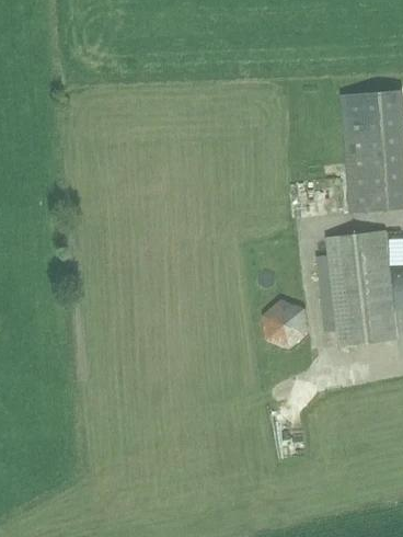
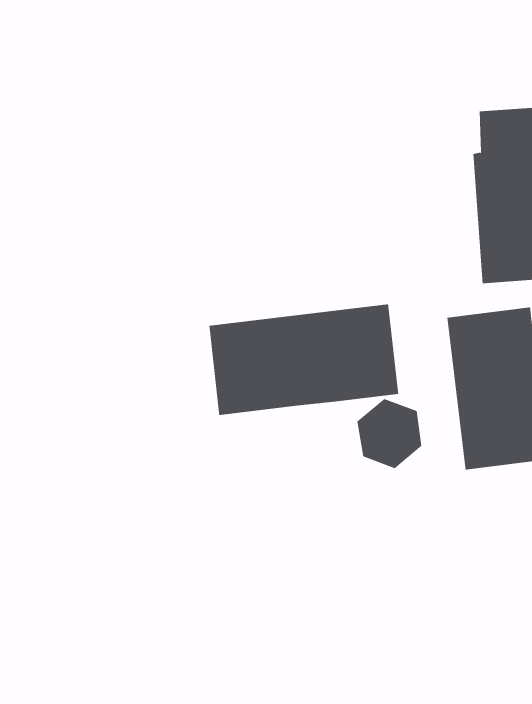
building: none -> [209,304,399,416]

